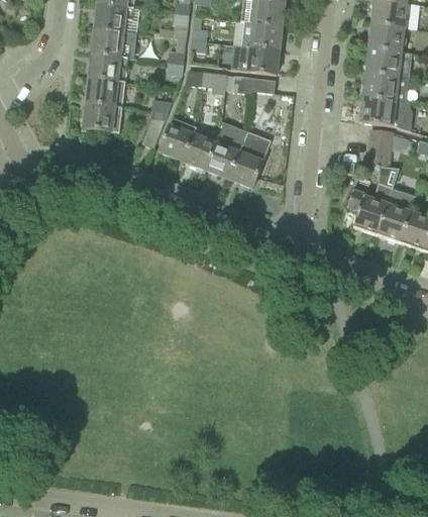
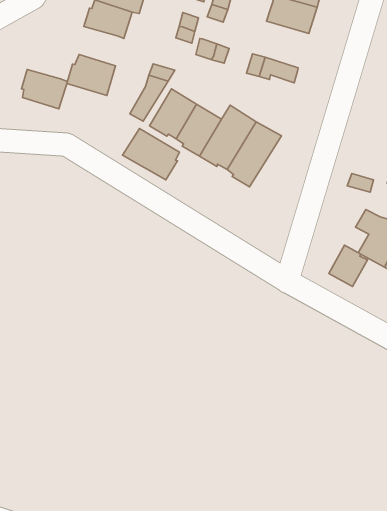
building: [232,44,279,73] -> none
building: [87,77,124,105] -> [21,70,67,109]
building: none -> [123,128,179,180]
building: none -> [329,245,367,286]

